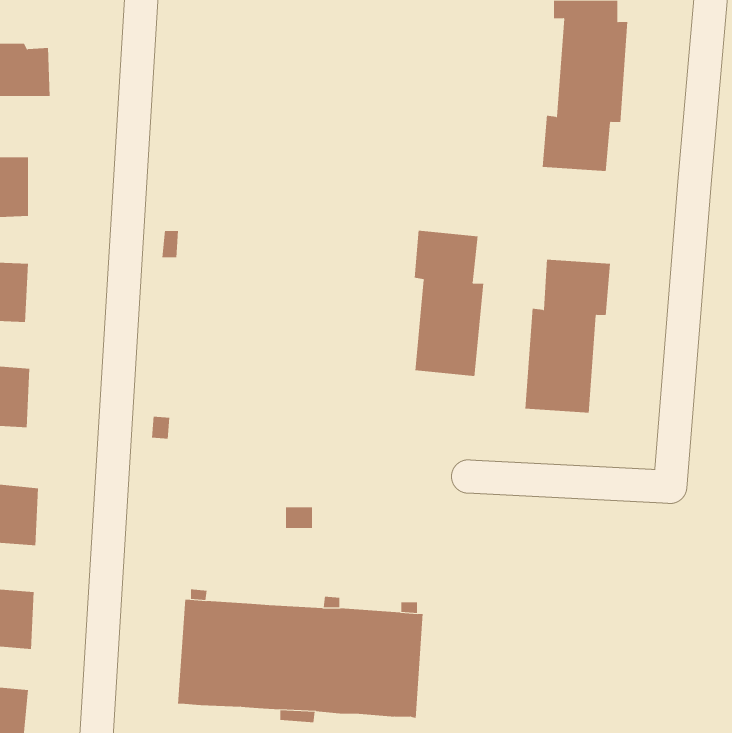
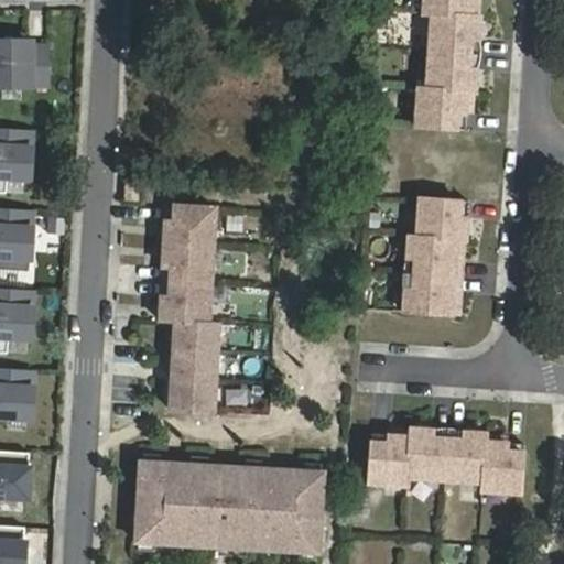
building: [414,230,484,377] -> none
building: none -> [159,204,218,411]
building: none -> [368,431,523,496]

